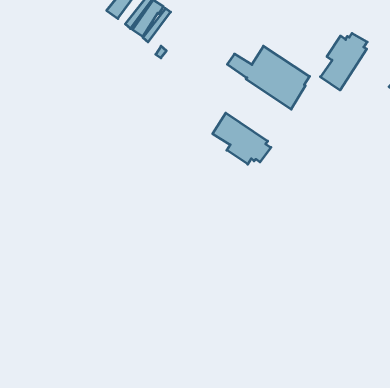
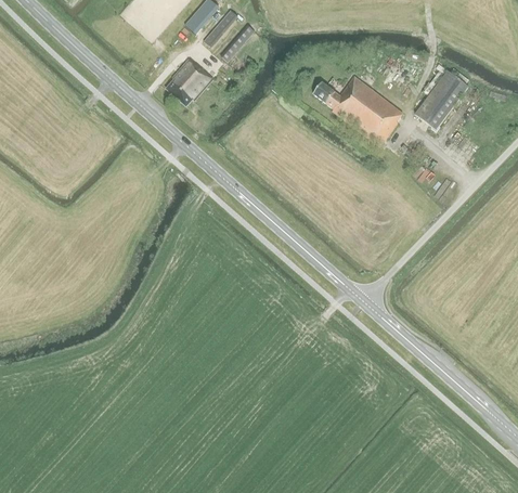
building: none -> [166,57,213,104]
building: [213,113,271,164] -> none

